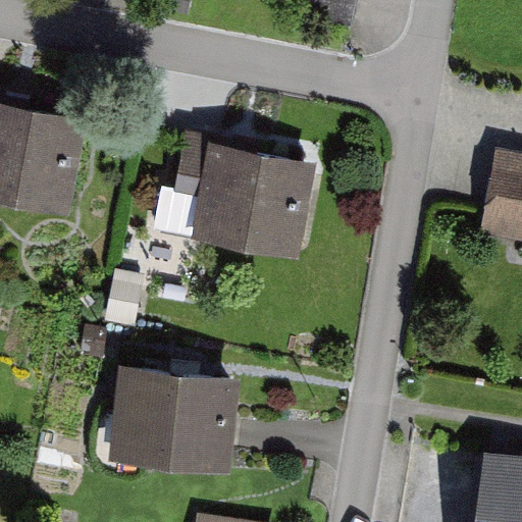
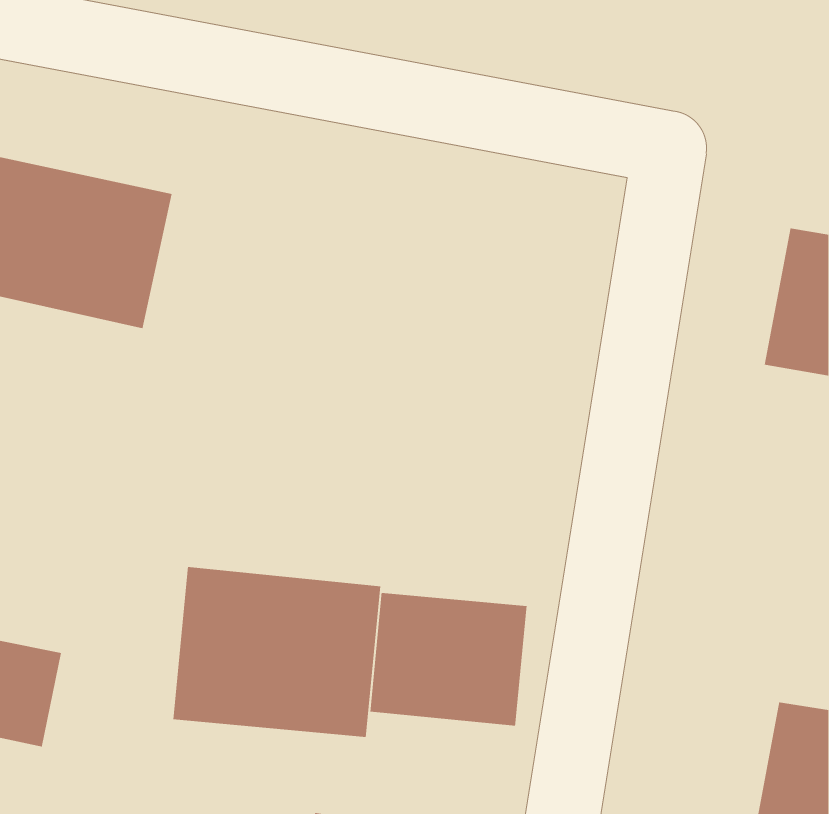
building: [191,145,316,260] -> none
building: none -> [370,592,527,727]

